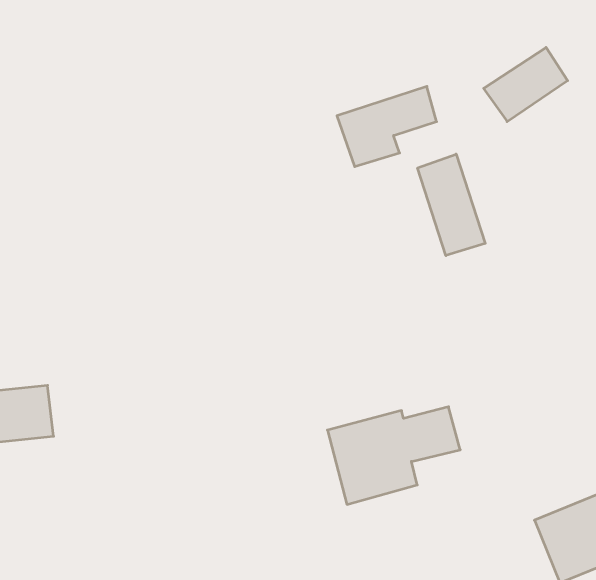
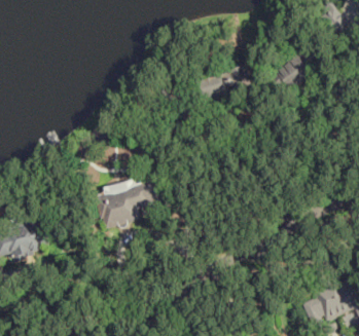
building: [418,154,485,256] -> none
building: [327,407,460,504] -> [93,181,163,232]

